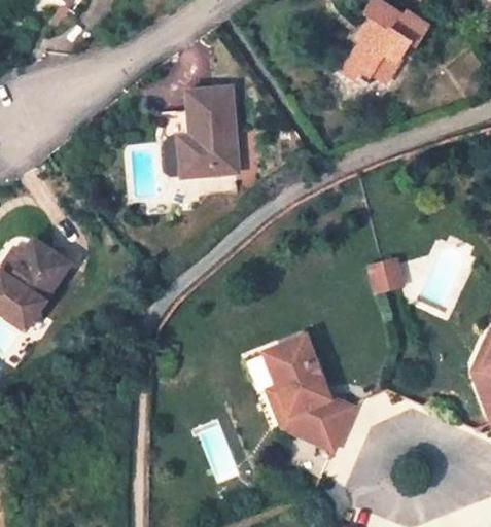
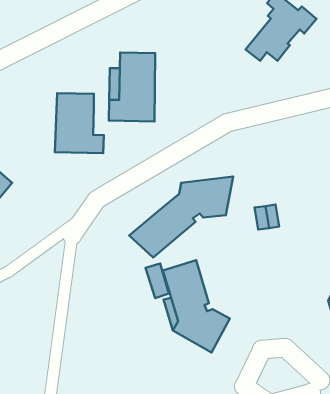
building: none -> [55,93,104,153]
building: none -> [129,177,233,257]

